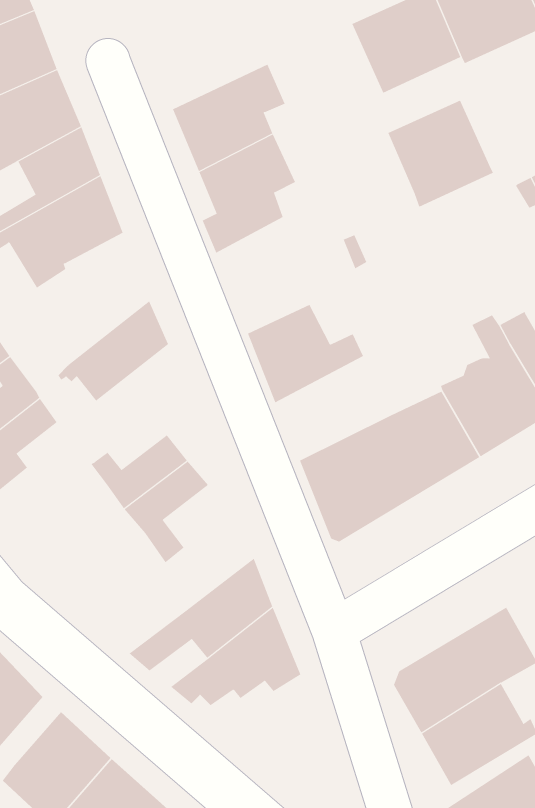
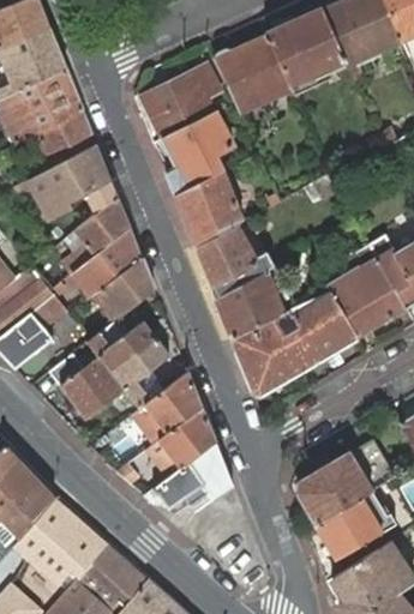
building: [388,100,494,208] -> [217,37,290,112]
building: none -> [174,170,241,247]
building: none -> [64,194,128,272]
building: none -> [91,258,154,321]
building: none -> [215,266,298,338]
building: none -> [49,351,125,416]
building: none -> [133,373,200,441]

